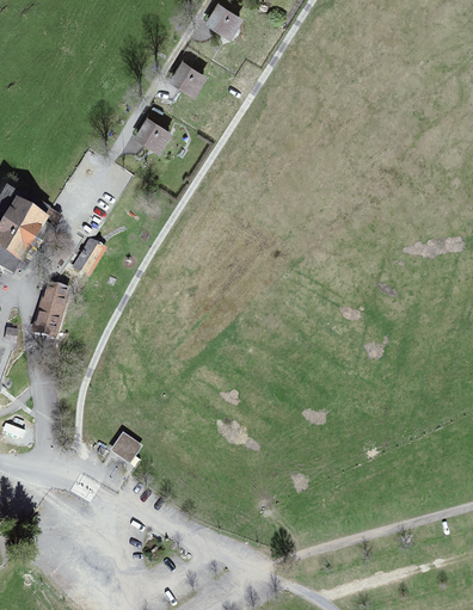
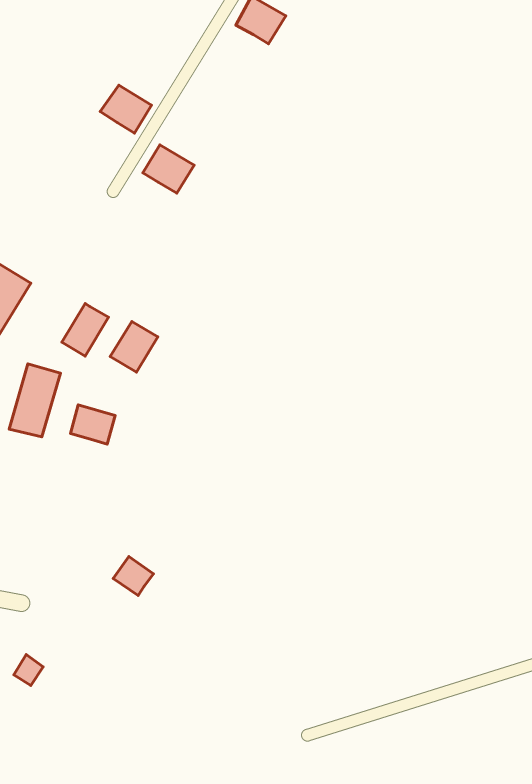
building: [167,58,207,95] -> [100,85,151,133]
building: none -> [110,321,158,372]
building: none -> [70,405,115,444]

